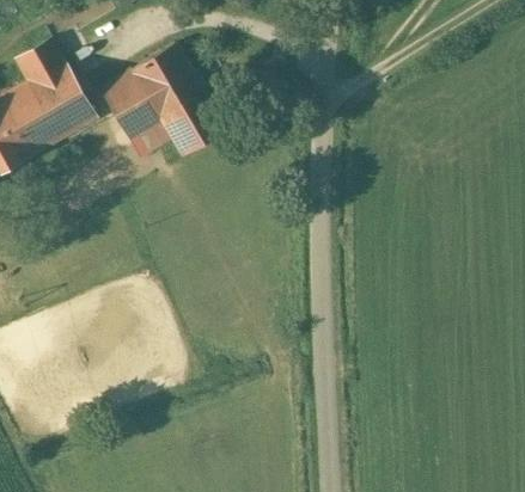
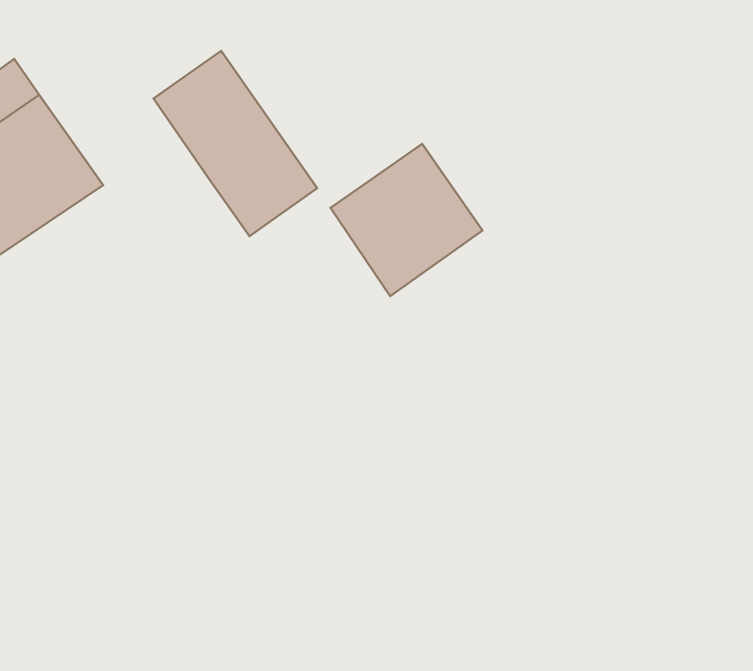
building: [97,70,160,142] -> none
building: none -> [330,144,483,296]

